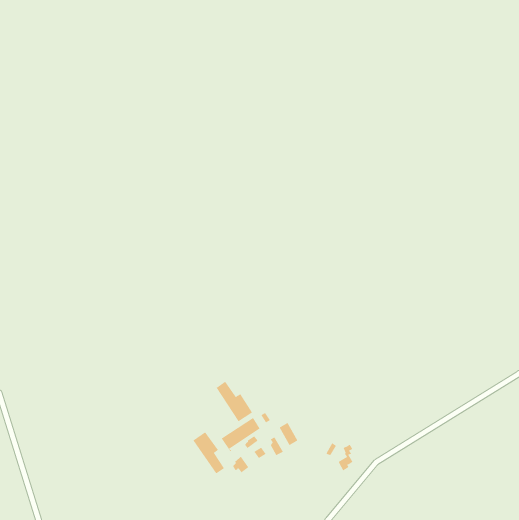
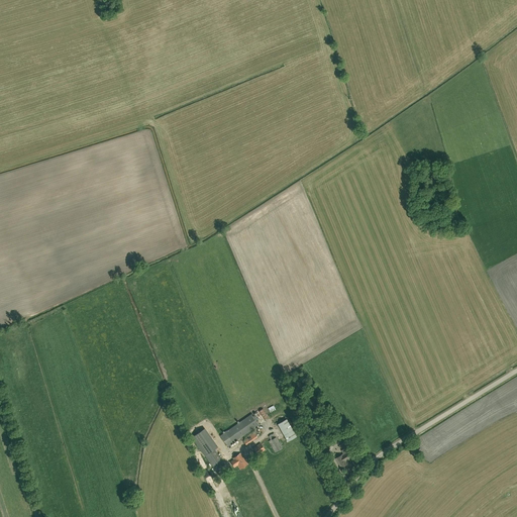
building: [216,381,253,422] -> none

